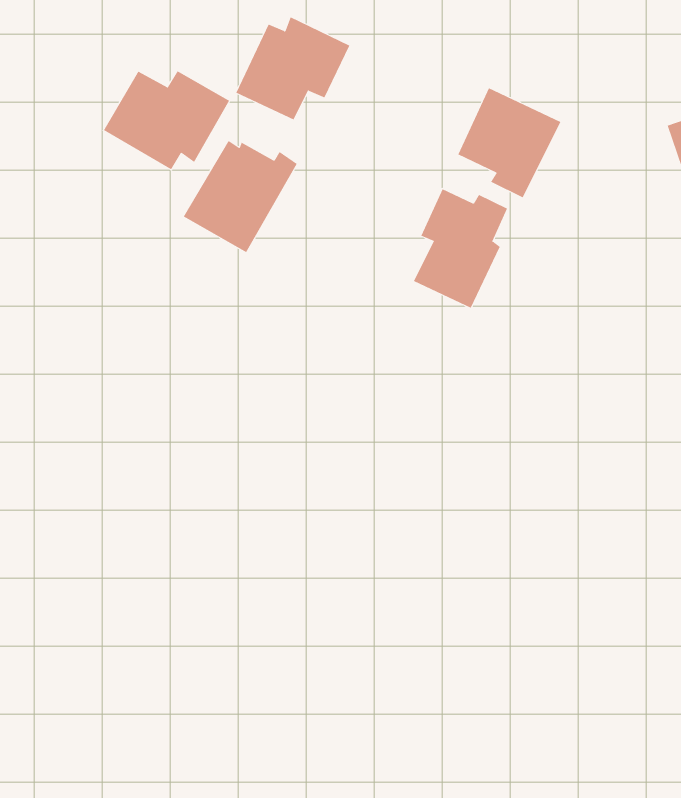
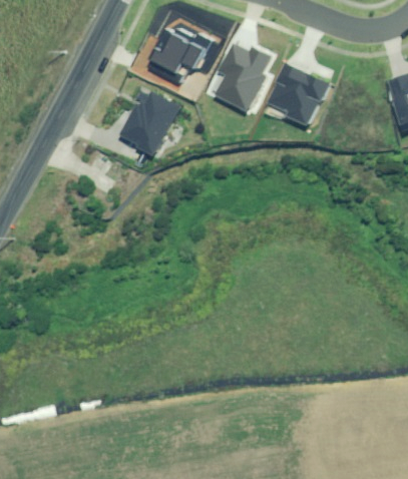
building: [103,70,230,170] -> none
building: [413,189,508,309] -> [218,45,270,111]

